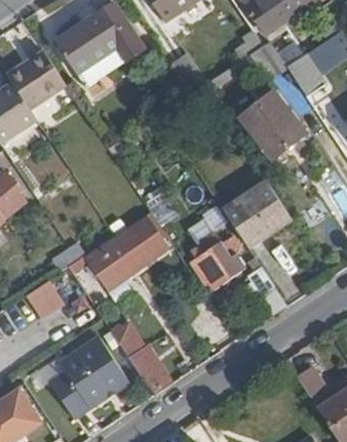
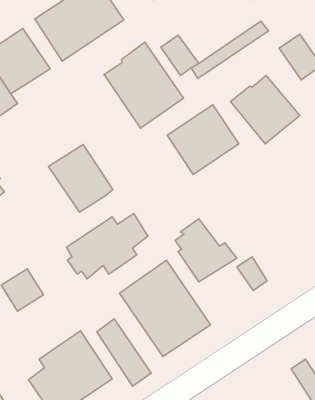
building: none -> [104,42,183,128]
building: none -> [49,144,113,212]
building: [222,179,290,245] -> [167,105,239,174]
building: none -> [120,260,210,356]

